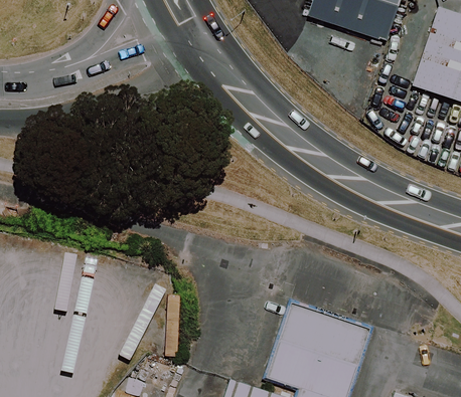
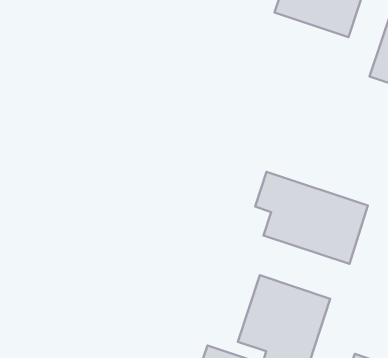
building: none -> [255,172,368,264]

